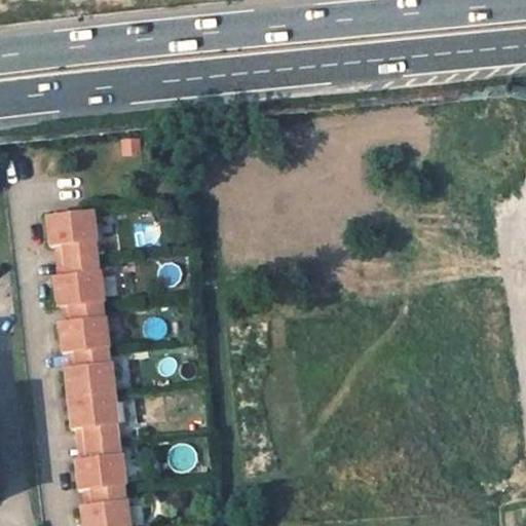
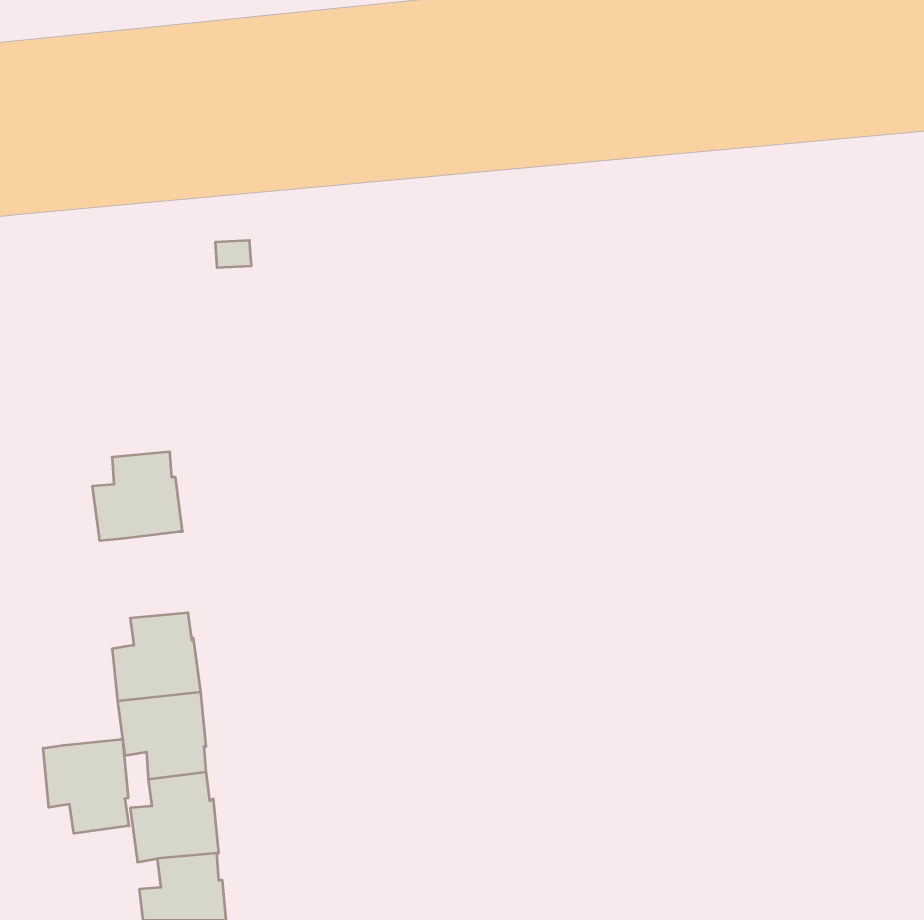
building: [46,211,97,260] -> none
building: [59,302,109,352] -> none
building: none -> [43,739,129,833]

